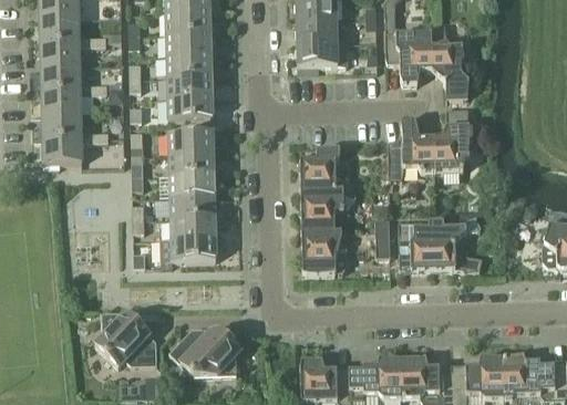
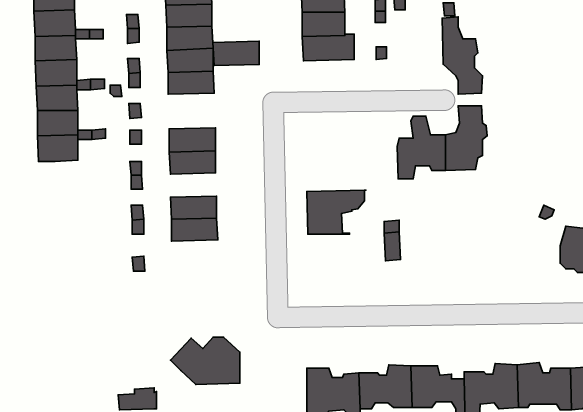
building: [385,24,432,83] -> none
building: [168,96,213,120] -> [213,41,259,66]
building: [300,148,358,190] -> none
building: [171,173,215,196] -> none
building: [399,216,483,270] -> none
building: [302,231,348,274] -> none
building: [161,237,216,260] -> none
building: [95,315,157,366] -> none

